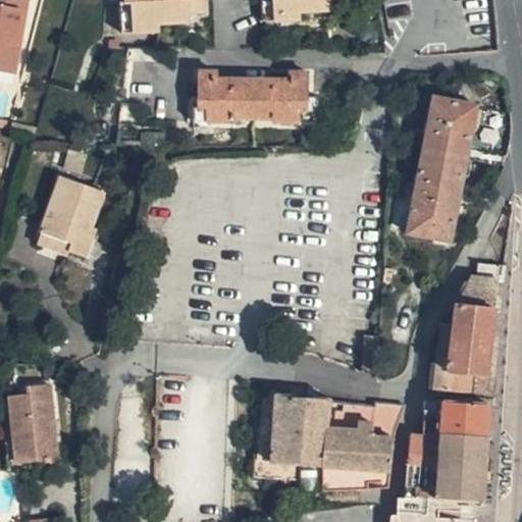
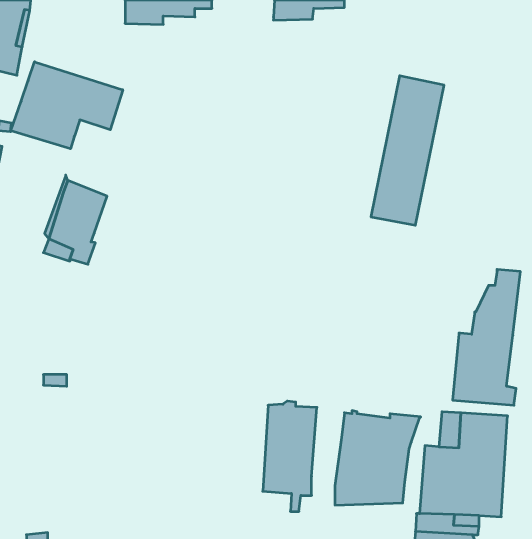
building: none -> [11,62,123,149]
building: [187,72,320,123] -> none
building: [409,96,479,240] -> [371,76,444,225]
building: [6,381,51,458] -> none
building: [299,395,331,490] -> none

